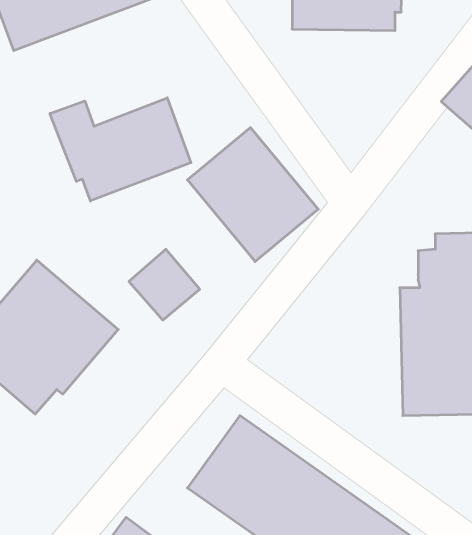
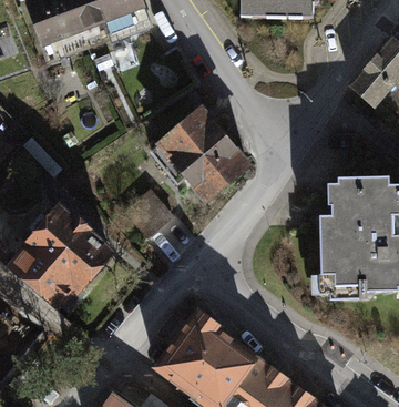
building: [50,98,191,201] -> none

